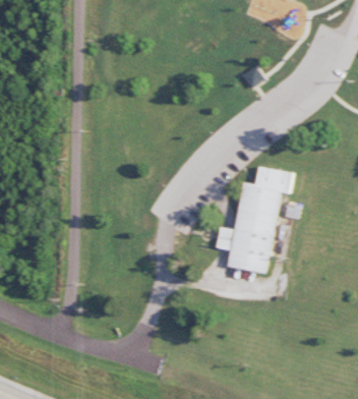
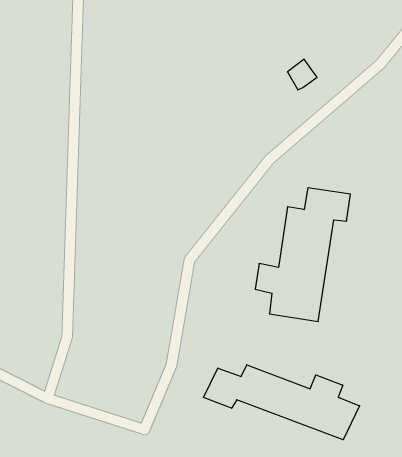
building: none -> [203,365,360,440]

